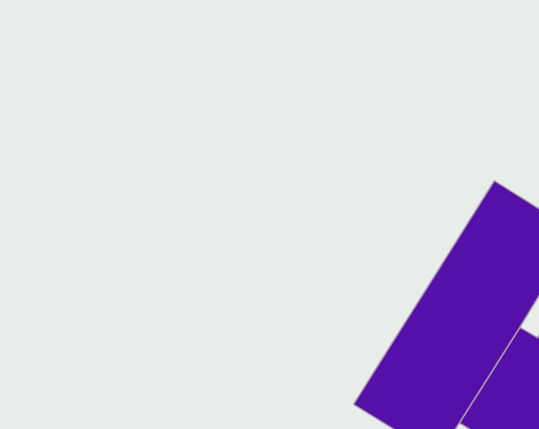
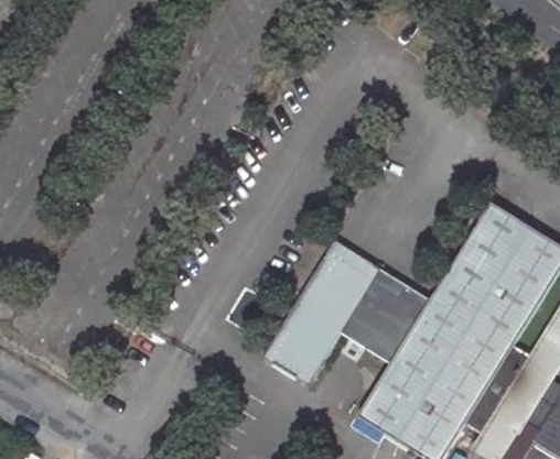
building: none -> [263,241,430,385]

